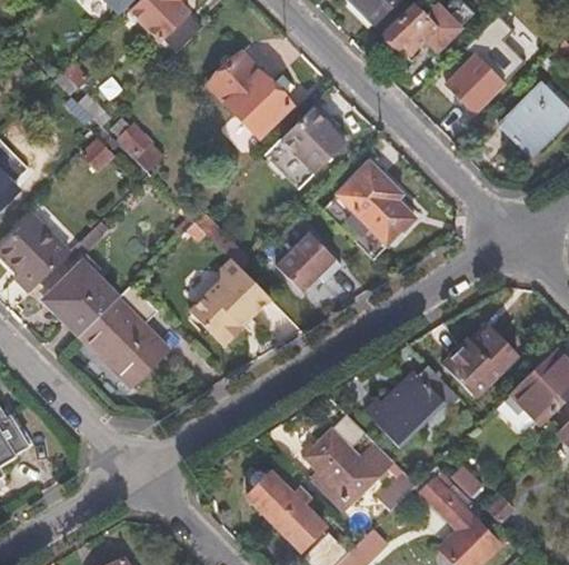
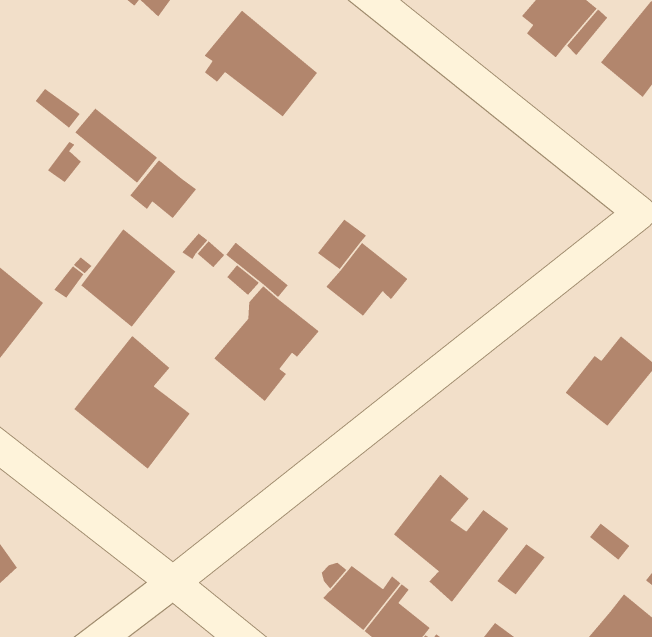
building: [264,107,345,186] -> none
building: none -> [129,159,197,219]
building: [325,165,412,259] -> none
building: [46,261,118,336] -> [80,228,176,328]
building: [367,366,459,446] -> none
building: [421,472,472,531] -> none

